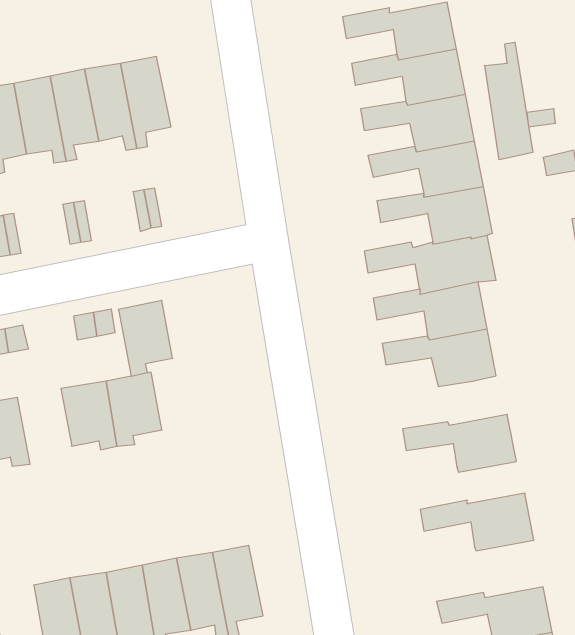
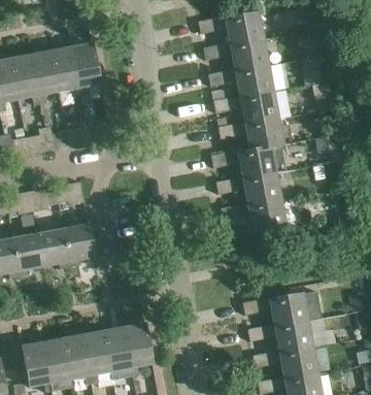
building: [485,42,533,160] -> none
building: [118,300,173,376] -> [13,232,44,275]
building: [403,415,516,472] -> [248,319,313,352]

